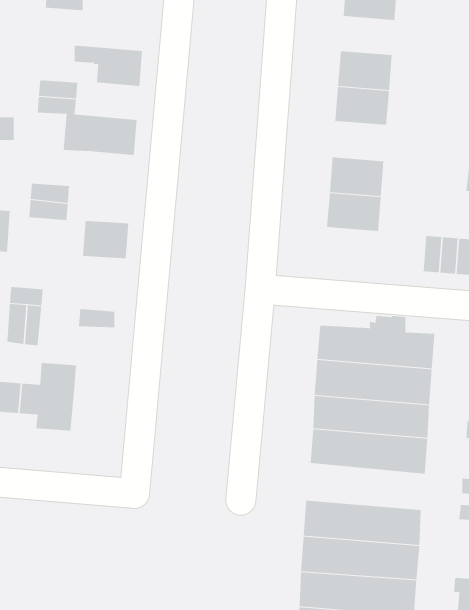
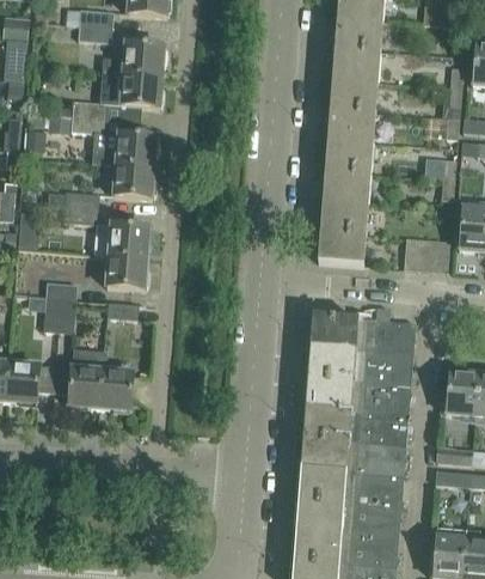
building: none -> [103,42,164,77]
building: none -> [332,47,380,80]
building: none -> [325,138,373,172]
building: none -> [113,164,154,199]
building: none -> [318,230,366,264]
building: none -> [106,255,147,288]
building: none -> [99,368,134,409]
building: none -> [302,434,406,475]

